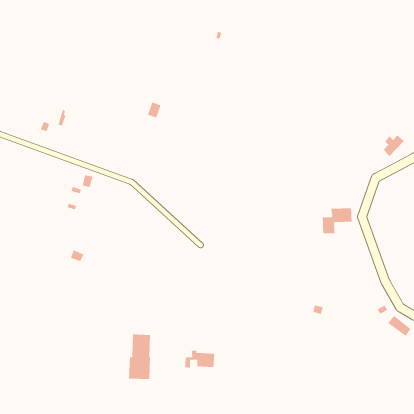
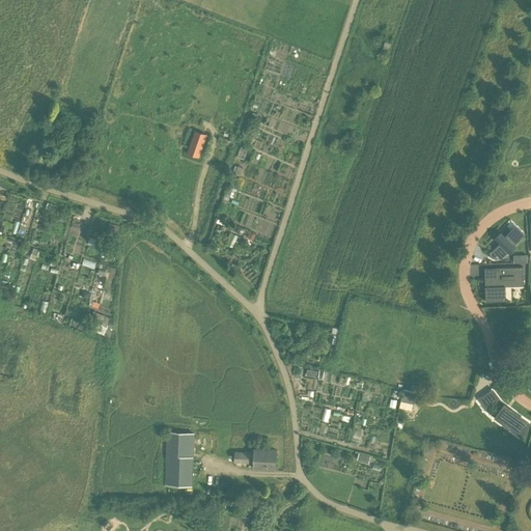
building: [383,134,405,157] -> [492,231,520,260]
building: [322,207,353,234] -> [483,268,523,302]

